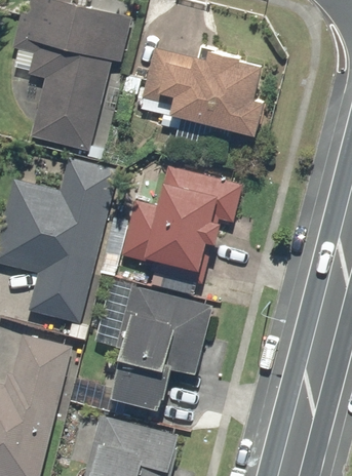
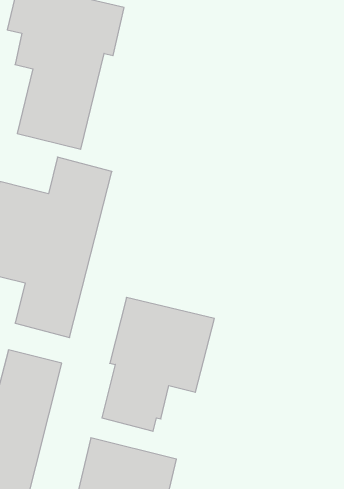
building: [143,48,264,133] -> none
building: [122,169,242,285] -> none

